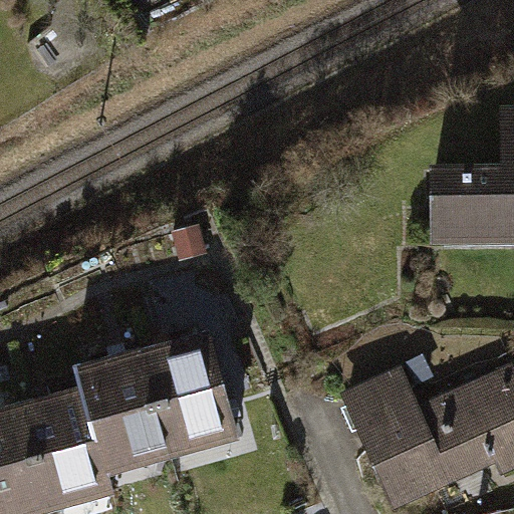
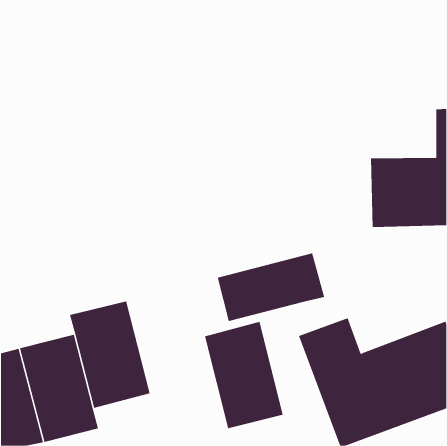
building: none -> [217,253,325,322]
building: [146,328,237,452] -> [204,321,284,429]

